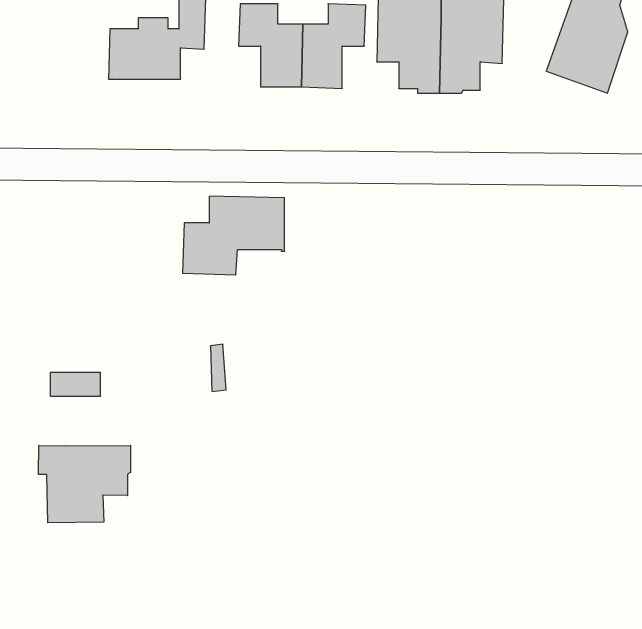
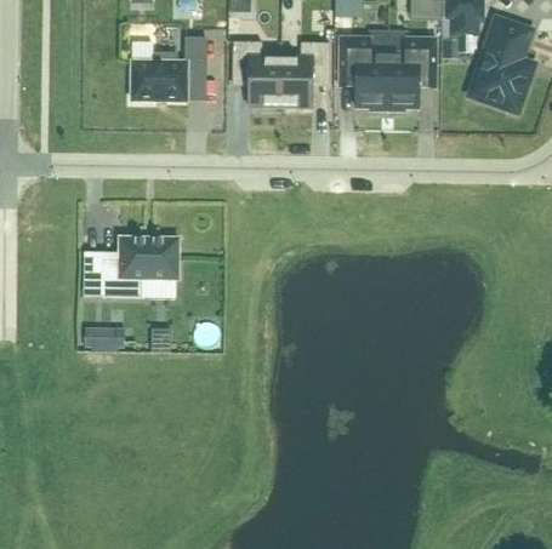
building: [183,196,285,275] -> [98,236,177,297]
building: [39,445,131,523] -> none

